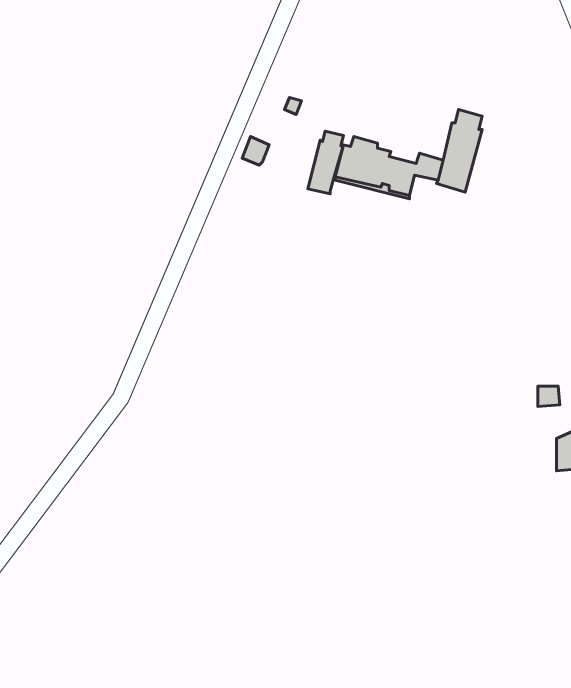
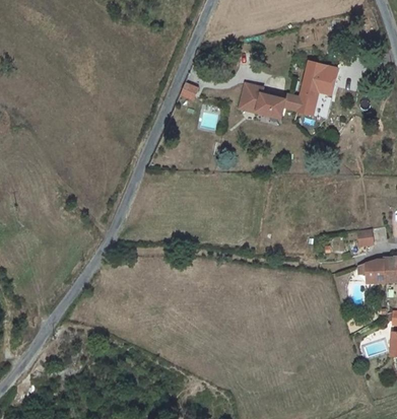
building: [308,131,344,194] -> none

